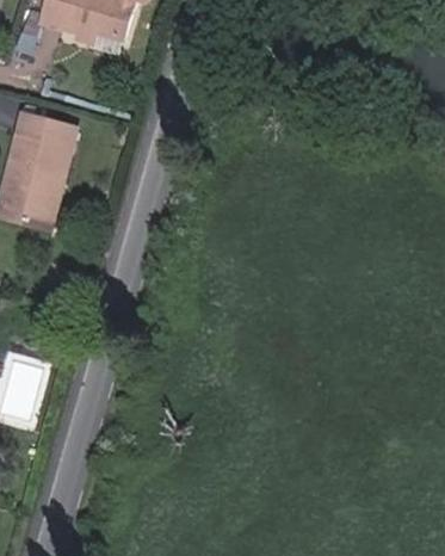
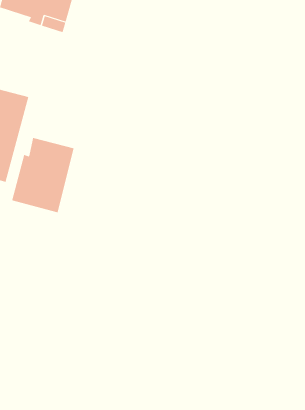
building: none -> [12,137,74,213]

